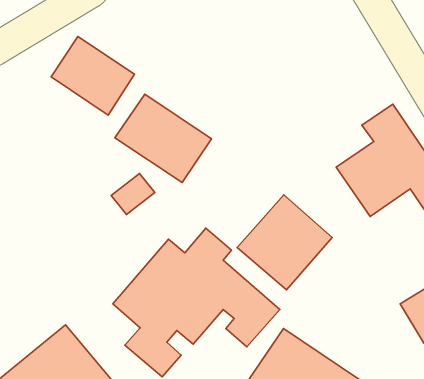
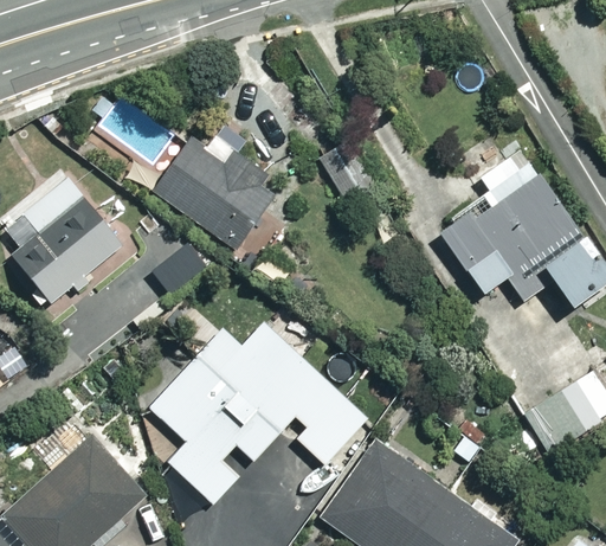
building: [51,37,135,115] -> none
building: none -> [11,176,129,308]
building: [237,195,332,290] -> none

